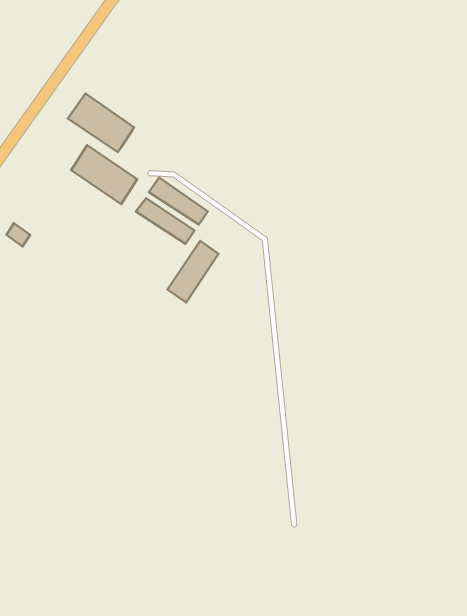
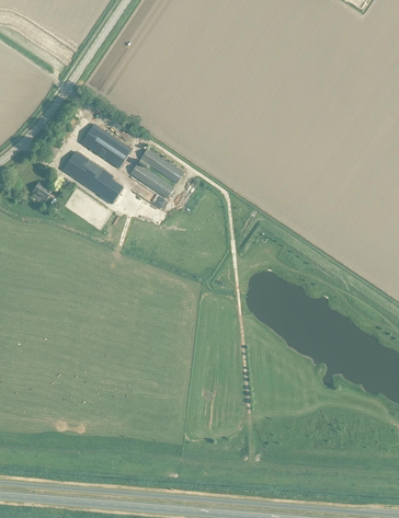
building: [68,93,134,152] -> [62,151,112,195]
building: [168,241,219,303] -> none

